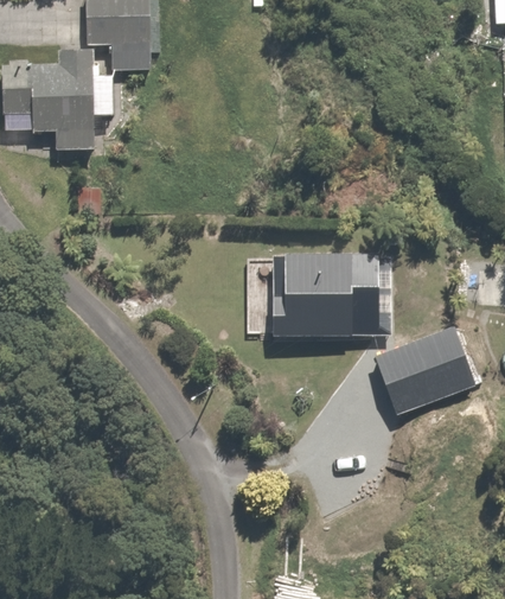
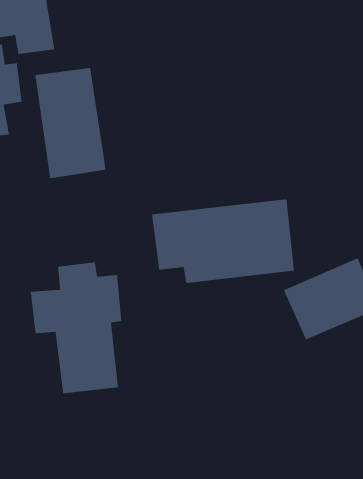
building: none -> [35,67,106,179]
building: none -> [30,261,122,394]

